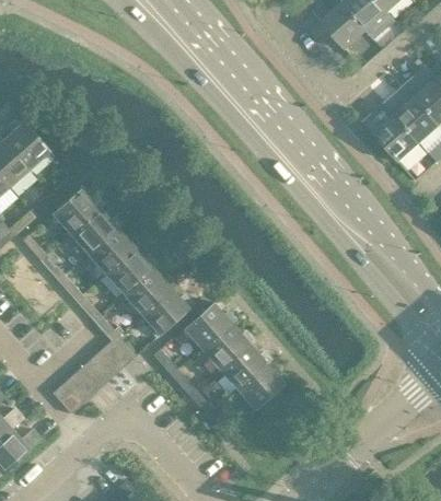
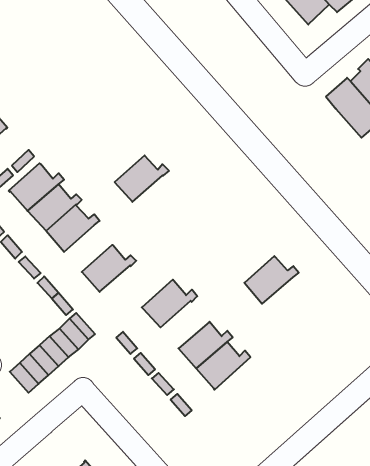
building: [105,248,159,294] -> [115,155,169,202]
building: [140,288,194,336] -> none
building: [200,323,254,370] -> [244,256,299,304]

